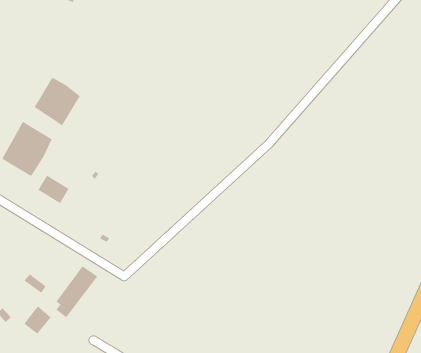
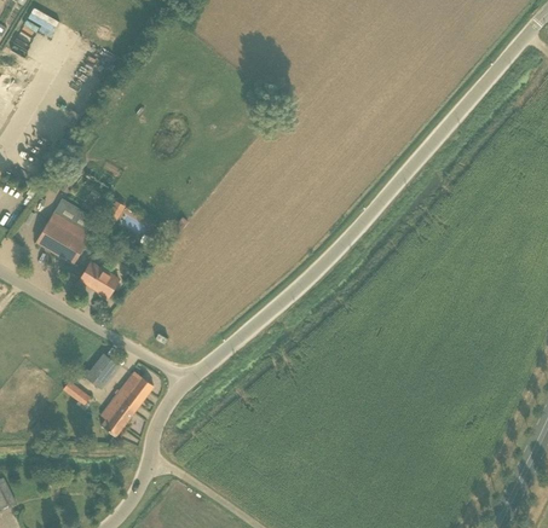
building: [34,77,81,126] -> none
building: [24,306,52,334] -> [82,353,116,388]

